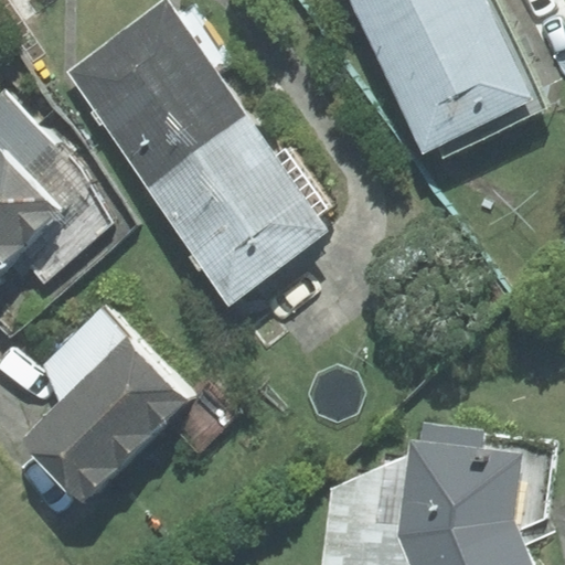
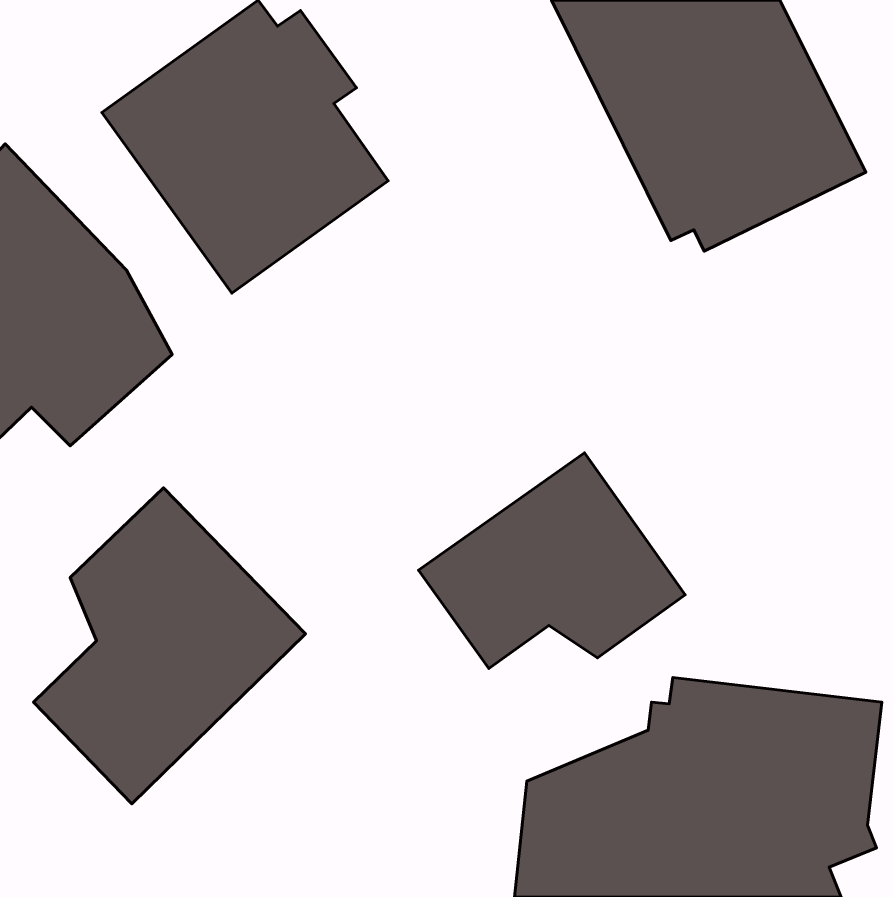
building: [146,114,326,298] -> none
building: none -> [418,453,685,668]

